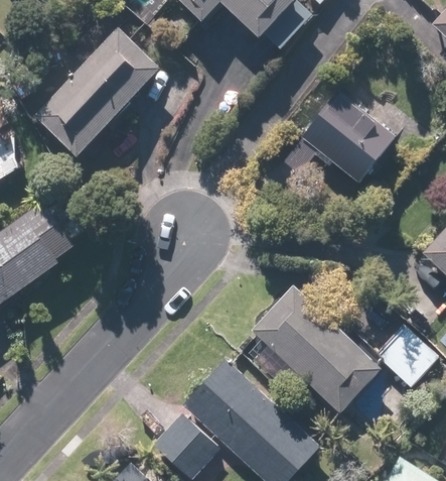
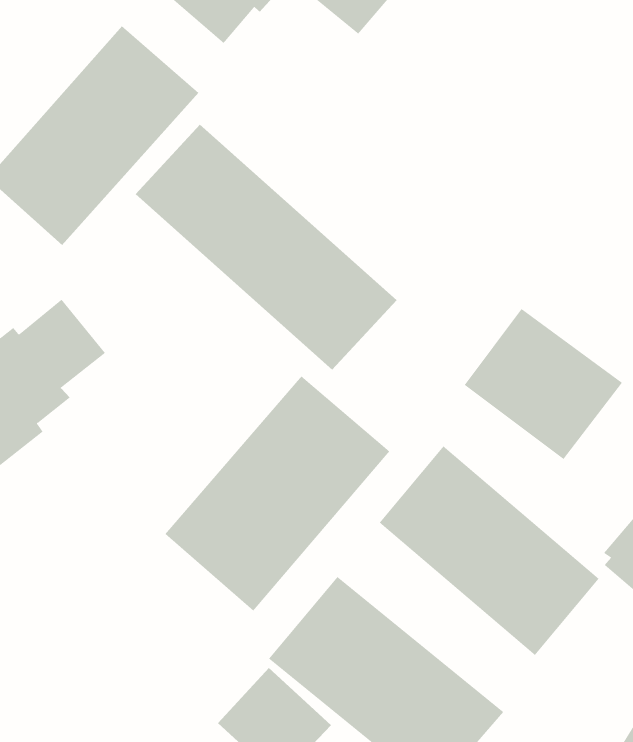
building: none -> [135,124,397,371]
building: [300,92,394,183] -> [464,308,623,460]
building: none -> [164,376,390,611]

